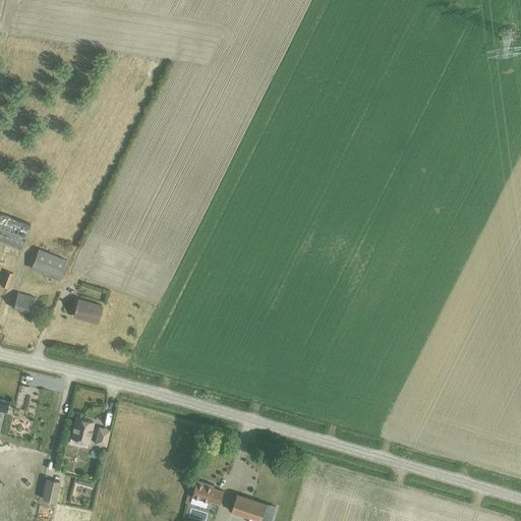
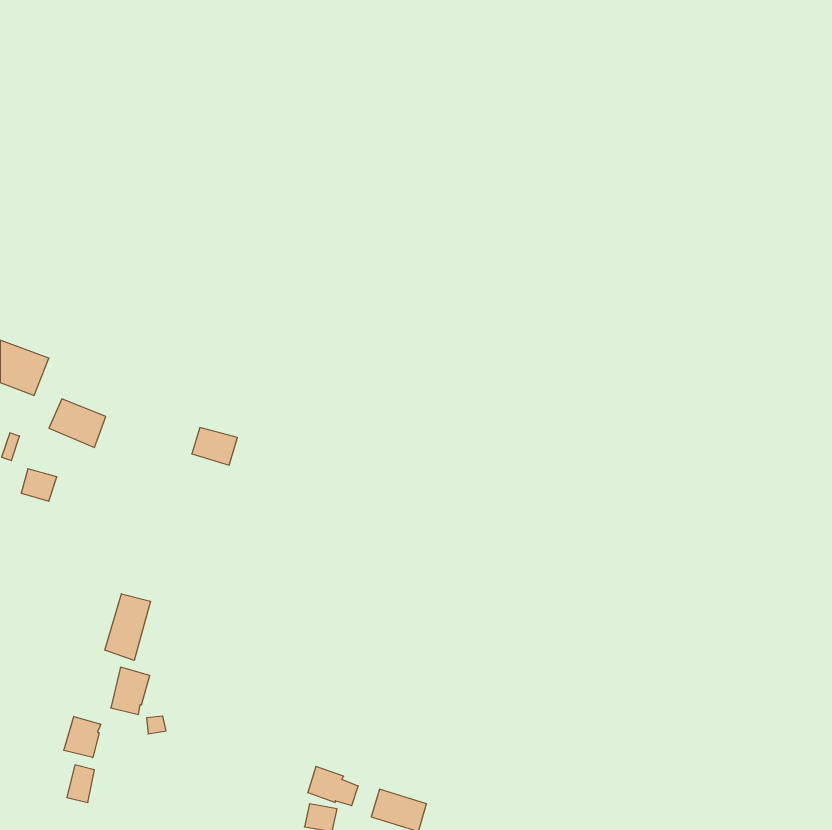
building: [73,300,102,324] -> [192,428,237,465]
building: none -> [105,594,151,660]
building: none -> [64,716,101,758]

